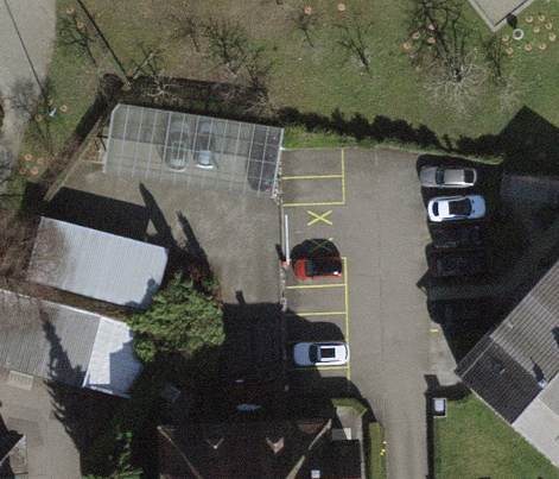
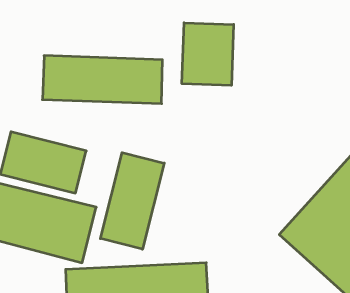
building: none -> [182,23,234,85]
building: none -> [100,153,164,249]

